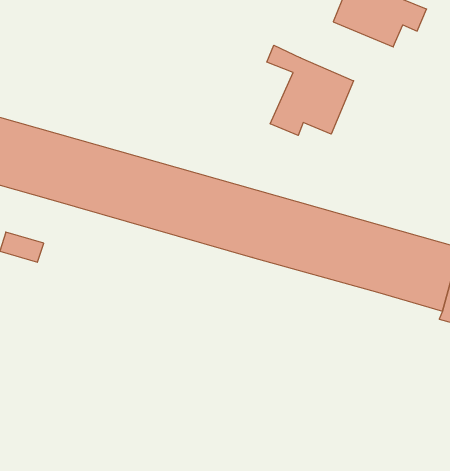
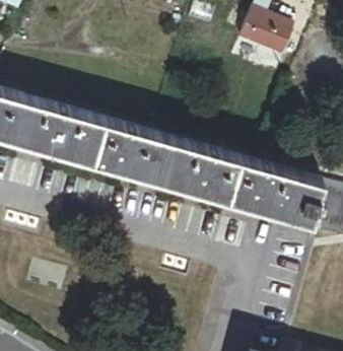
building: [267,45,354,135] -> none

